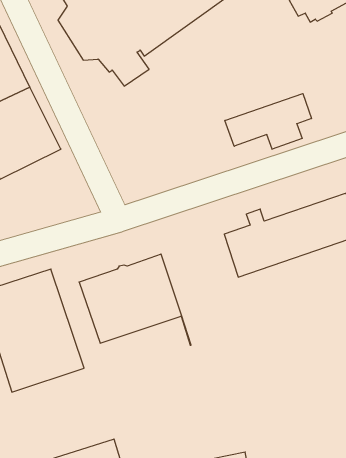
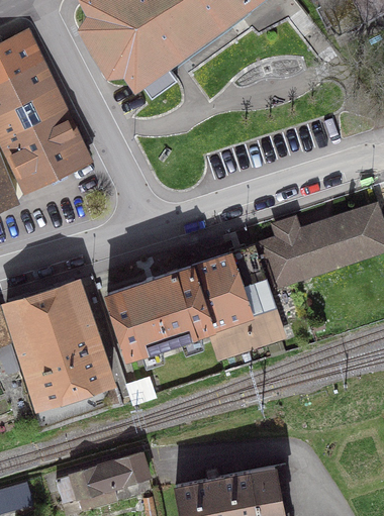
building: [225,94,311,149] -> none
building: none -> [189,245,283,357]

